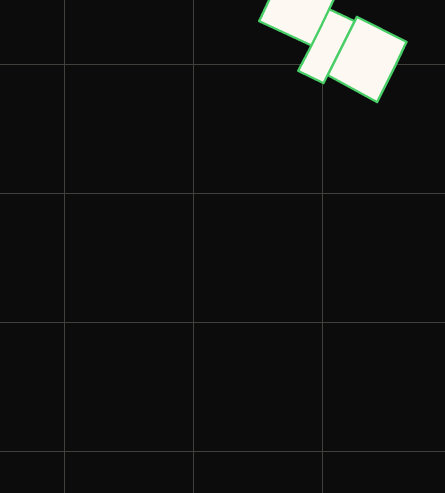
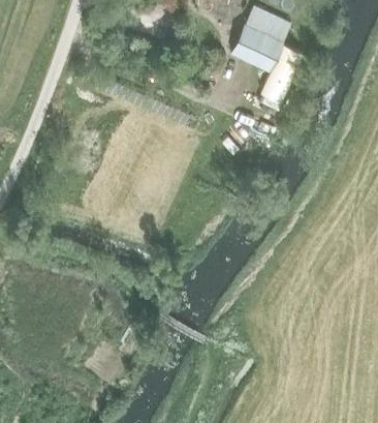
building: [328,17,407,102] -> none

